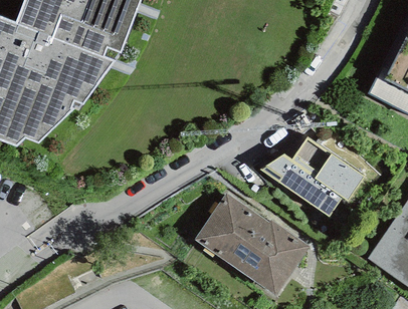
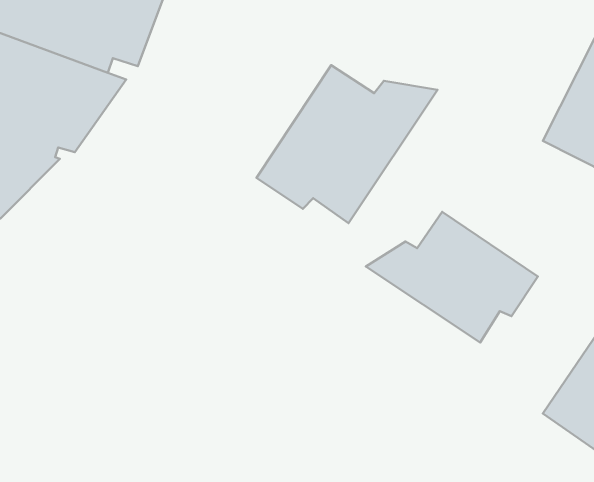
building: none -> [256,65,438,223]
building: [195,193,311,295] -> none

